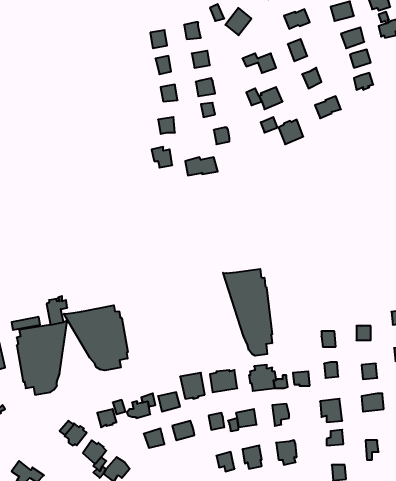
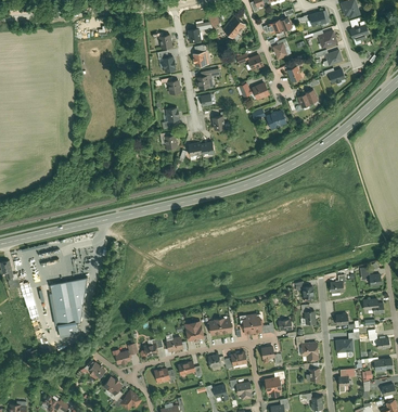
building: [223,269,272,356] -> none
building: [64,305,128,370] -> none

